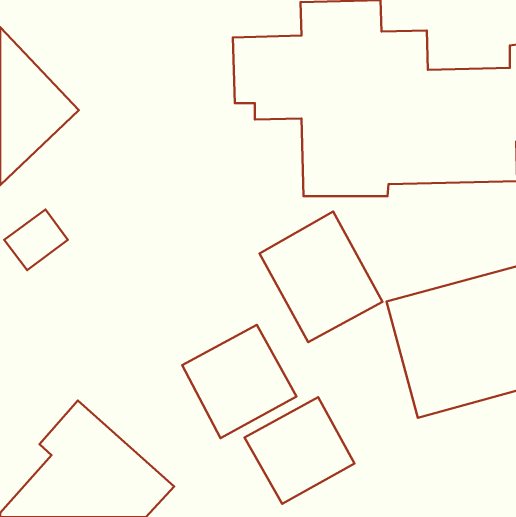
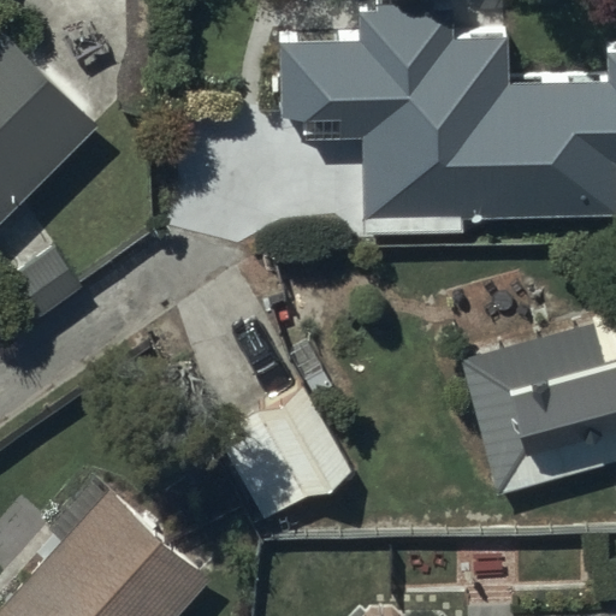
building: [259,212,382,342] -> none
building: [244,397,355,504] -> none

